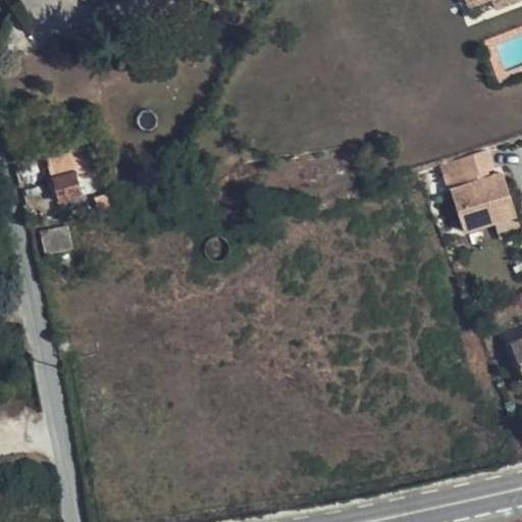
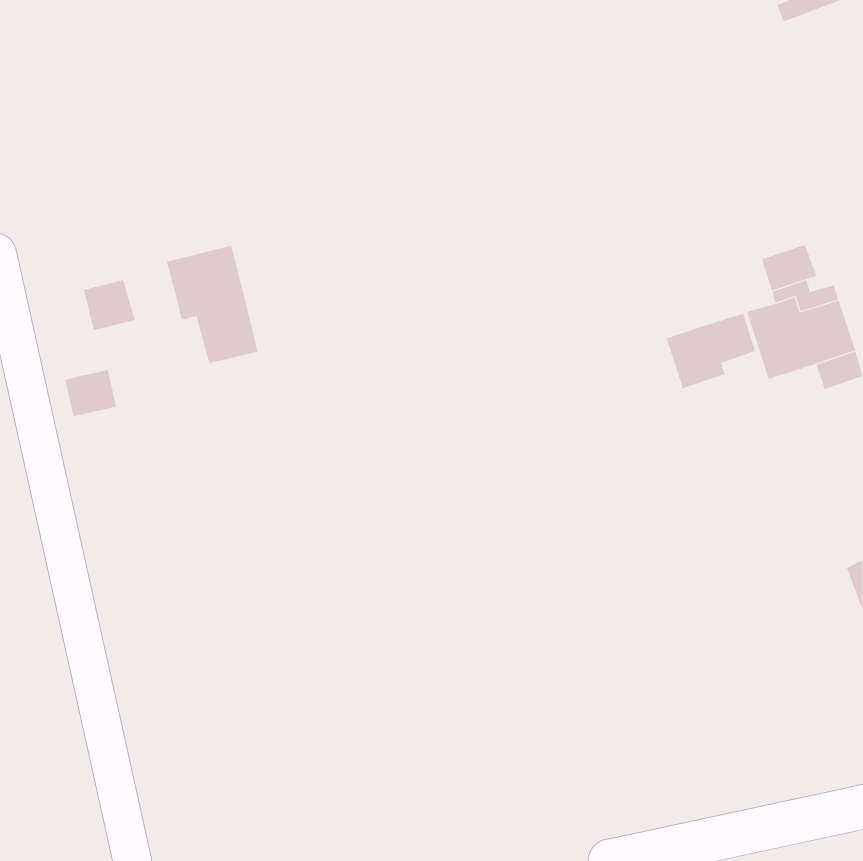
building: none -> [166,245,258,364]
building: none -> [666,313,756,389]

